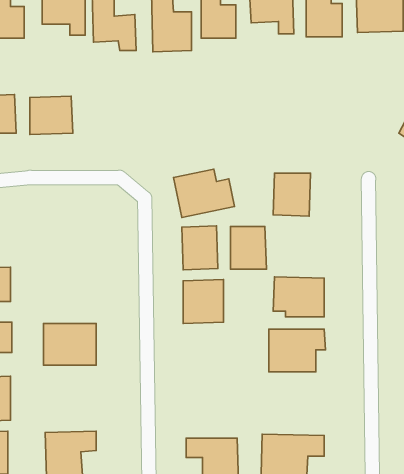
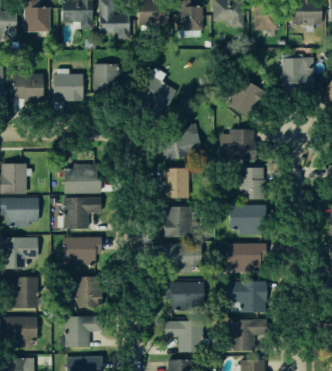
building: none -> [282,53,314,83]
building: none -> [92,65,119,95]
building: none -> [136,76,176,114]
building: none -> [226,79,264,118]
building: none -> [65,164,100,194]
building: [230,226,266,269] -> [240,167,266,198]
building: none -> [64,199,102,228]
building: none -> [165,243,201,273]
building: none -> [71,276,100,310]
building: none -> [227,280,268,312]
building: none -> [163,283,204,310]

